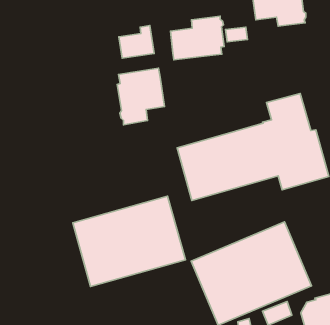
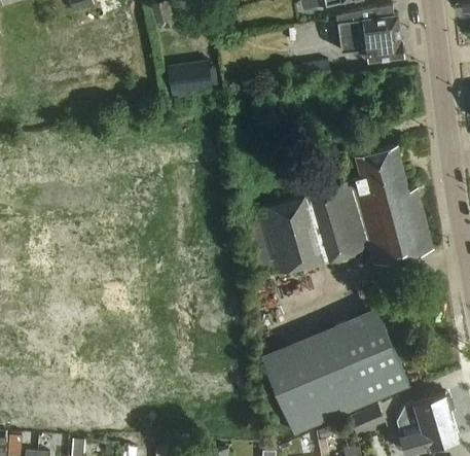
building: [170,16,224,60] -> none
building: [117,68,164,125] -> none
building: [73,196,185,286] -> none

